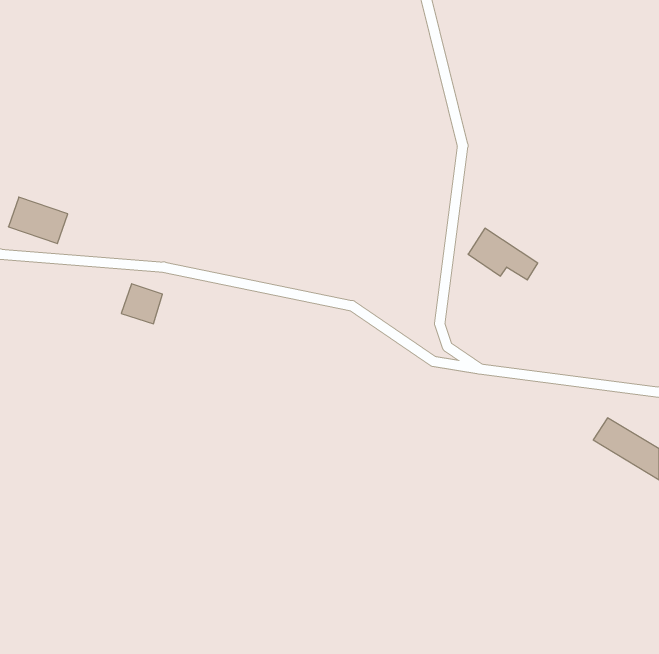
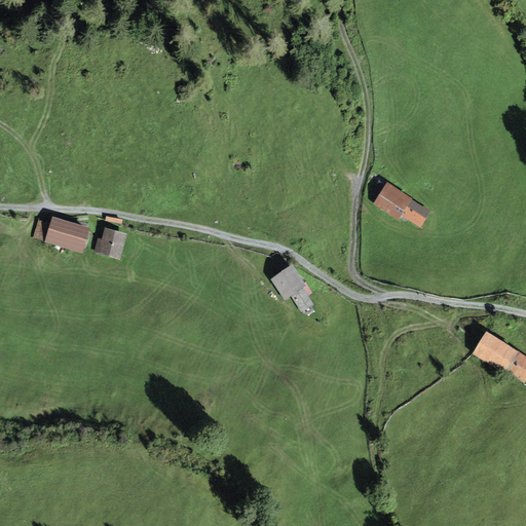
building: [8,197,68,244] -> [42,217,89,254]
building: none -> [270,266,312,309]

